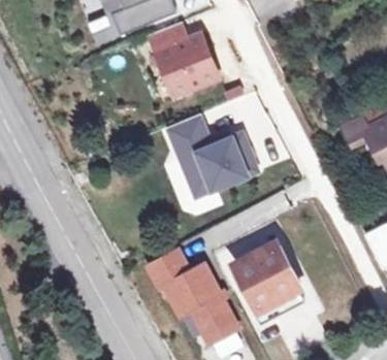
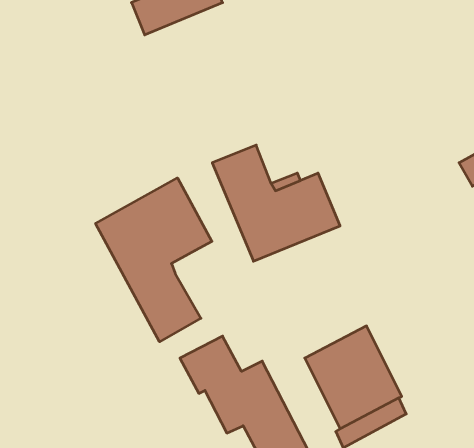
building: [148,23,218,96] -> none
building: none -> [96,178,212,342]

